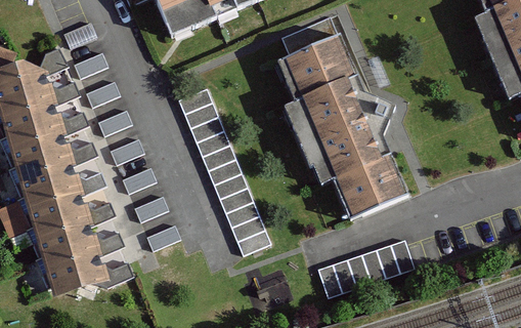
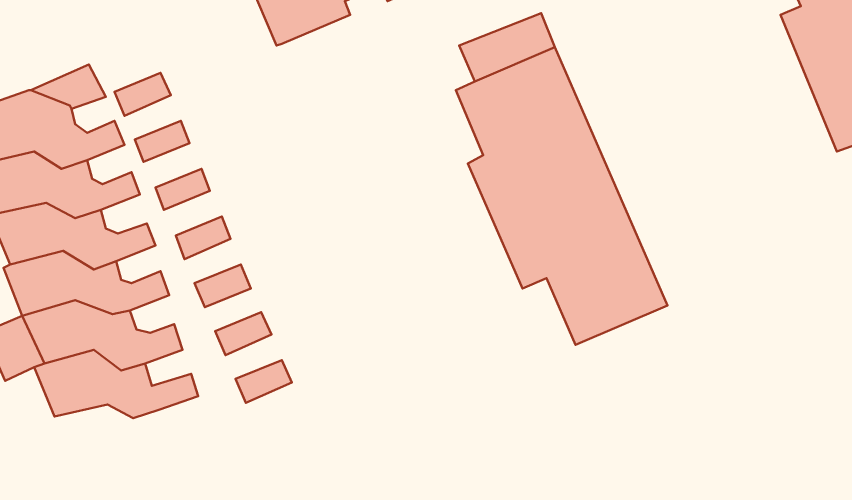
building: [178,88,270,253] -> none
building: [318,240,415,297] -> none
building: [36,251,134,297] -> none

